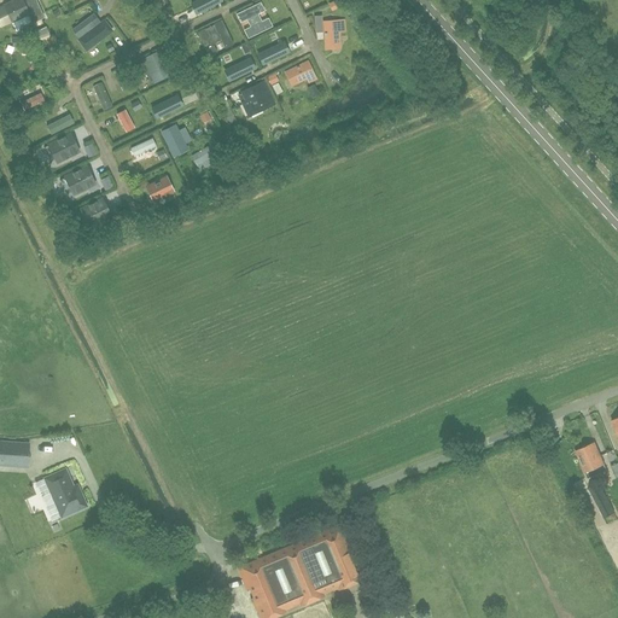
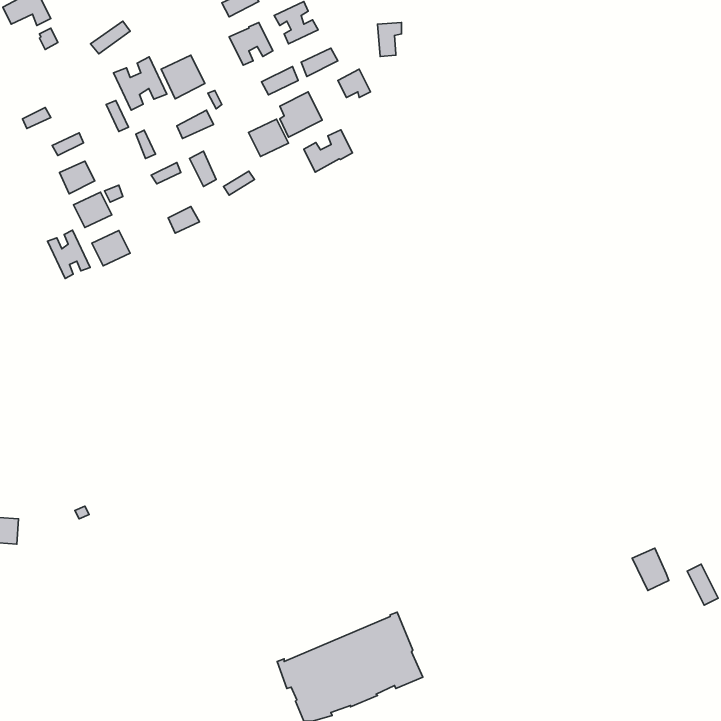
building: none -> [114,57,167,110]
building: none -> [249,119,289,157]
building: none -> [304,130,352,172]
building: none -> [48,230,90,278]
building: [573,442,605,478] -> [632,548,669,591]
building: [43,470,84,513] -> none

